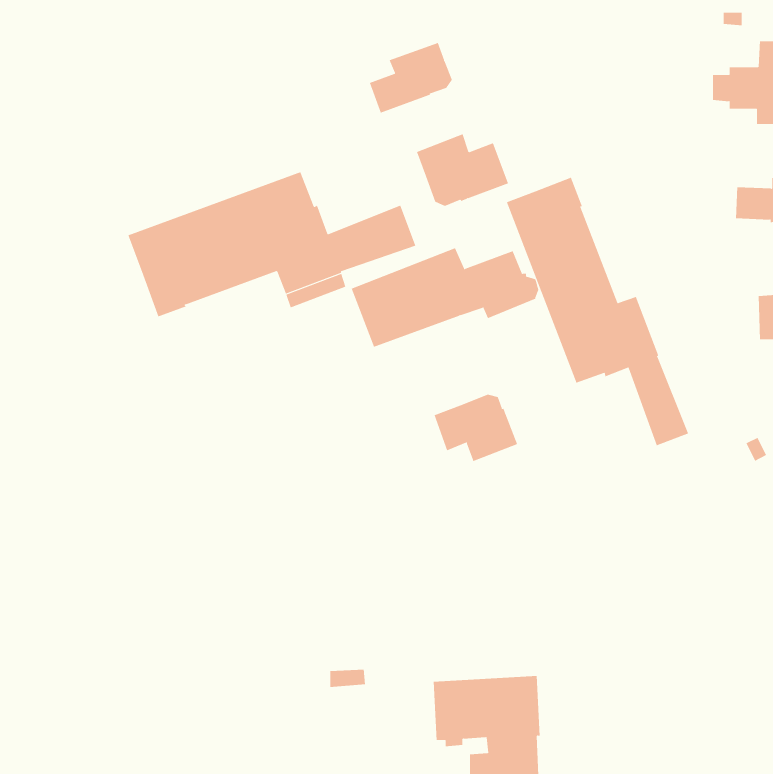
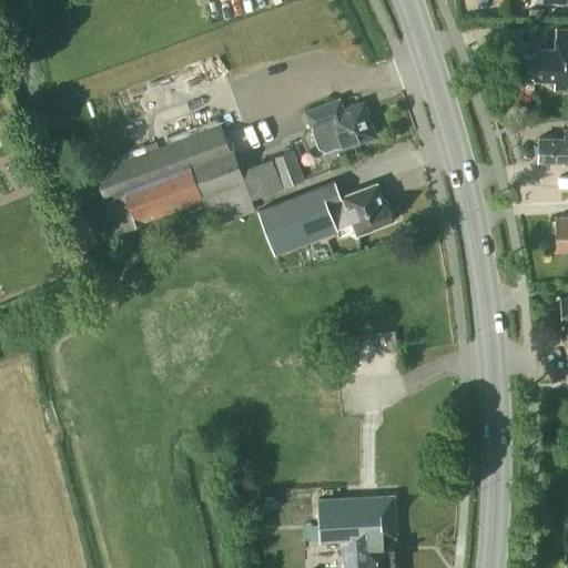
building: [369,42,452,113] -> none
building: [506,177,689,446] -> none
building: [434,394,518,462] -> none

